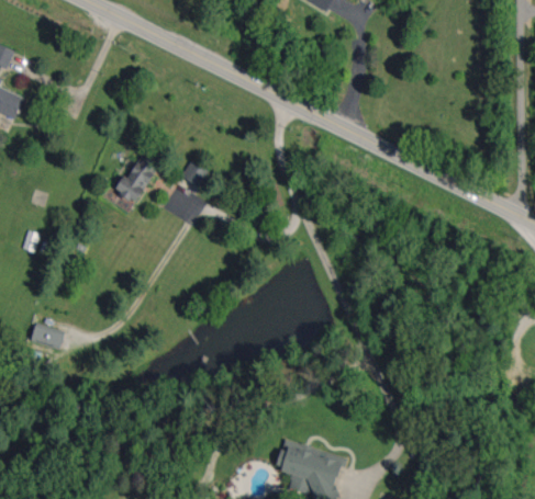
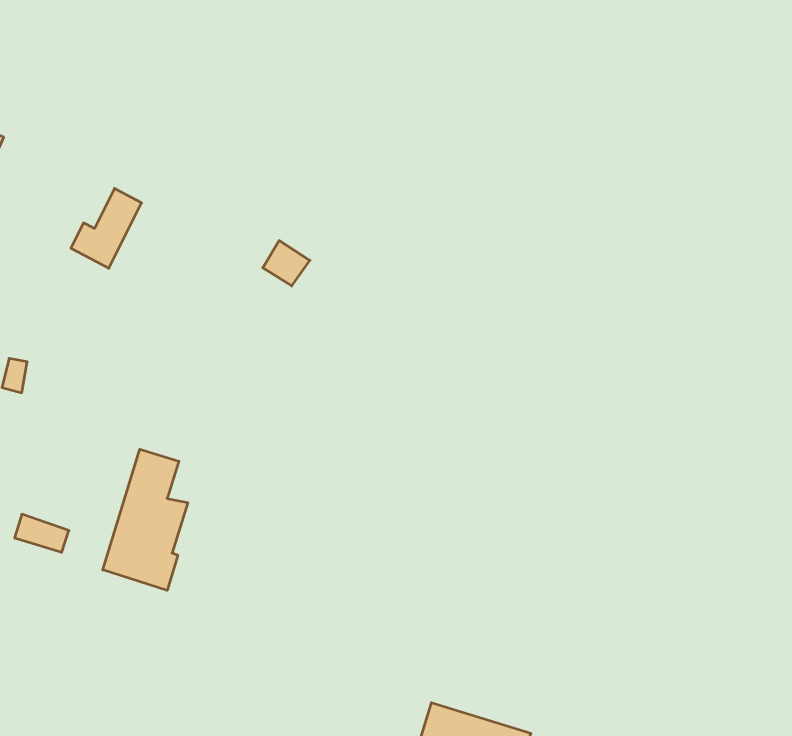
building: [114,154,157,202] -> [71,188,142,268]
building: none -> [103,449,188,590]

